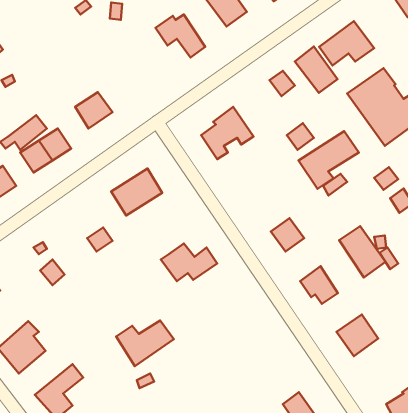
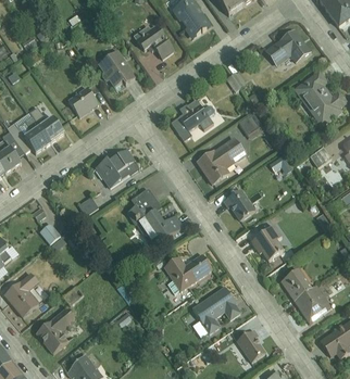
building: [295,47,338,93] -> none
building: none -> [98,51,135,90]
building: [299,131,359,189] -> [198,138,247,185]
building: none -> [129,189,161,224]
building: [339,226,385,277] -> none
building: [116,321,174,366] -> [165,254,212,291]
building: none -> [192,287,241,333]
building: none -> [295,288,329,323]

